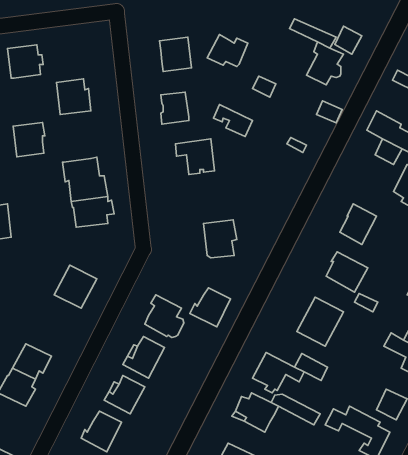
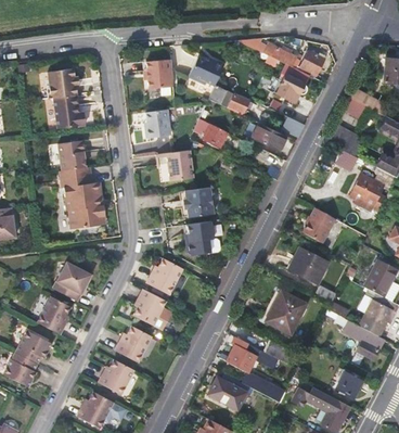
building: [8,45,43,78] -> [49,71,80,100]
building: none -> [252,124,285,151]
building: [13,122,45,157] -> [57,140,86,170]
building: none -> [184,188,213,218]
building: [190,288,230,327] -> [145,257,181,292]
building: none -> [35,295,70,334]

